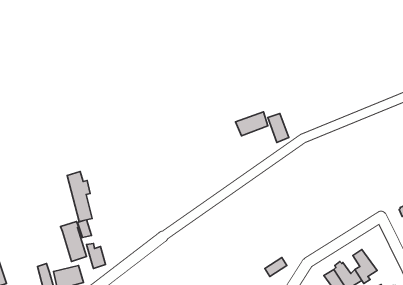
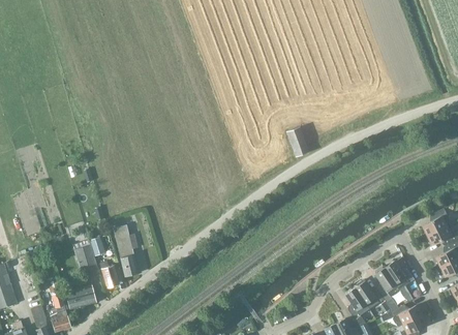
building: [235,112,268,136] -> none
building: [67,171,92,221] -> [114,224,140,276]
building: none -> [385,262,415,290]

